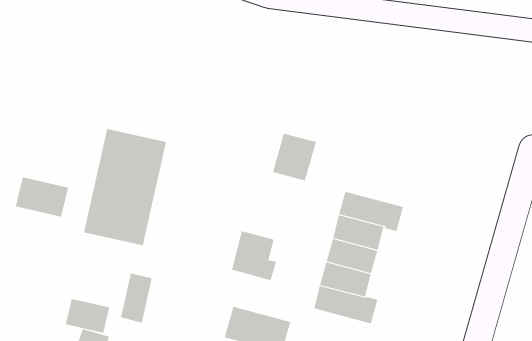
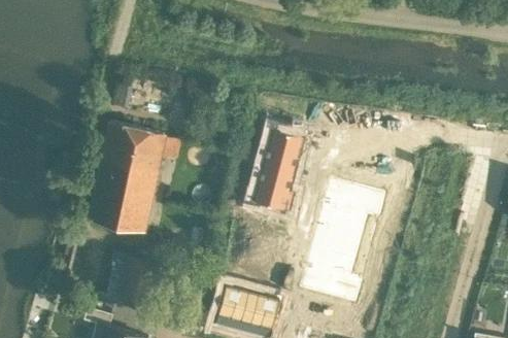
building: [15,177,69,217] -> none
building: [231,231,277,281] -> [253,163,296,209]
building: [65,298,110,333] -> none

